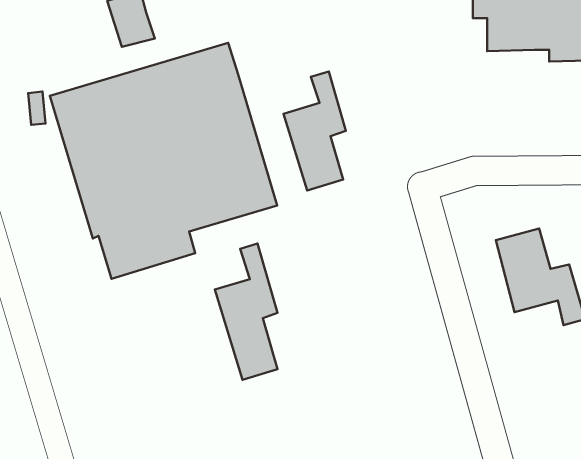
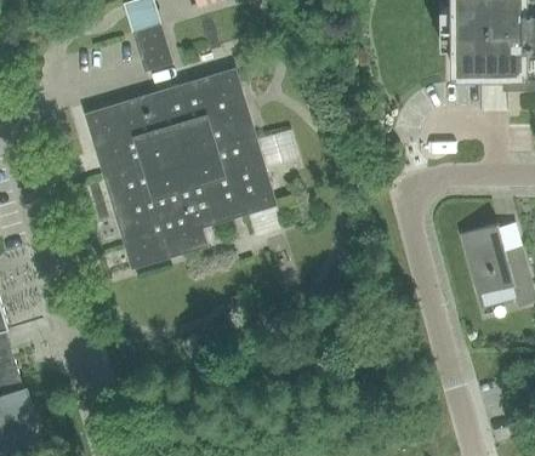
building: [283,72,346,190] -> none
building: [215,243,278,380] -> none

